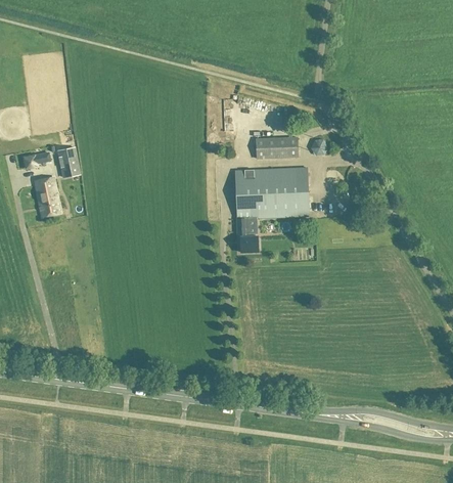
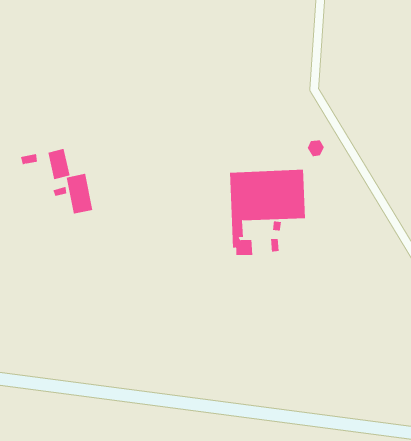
building: [256,136,298,158] -> none
building: [34,176,60,216] -> [66,173,93,214]

